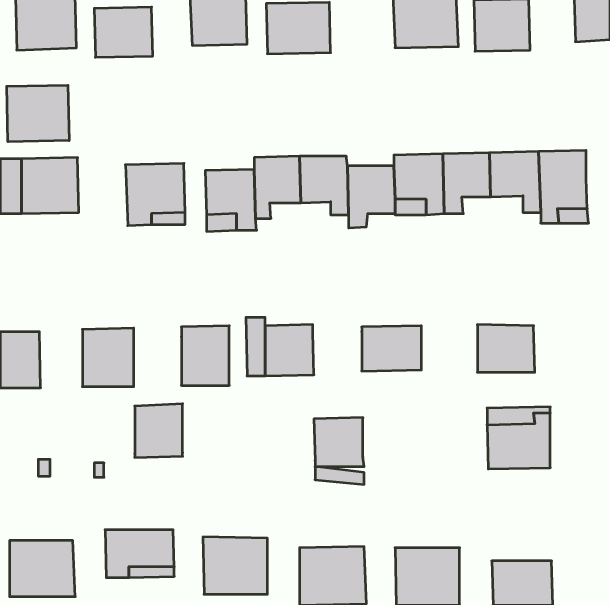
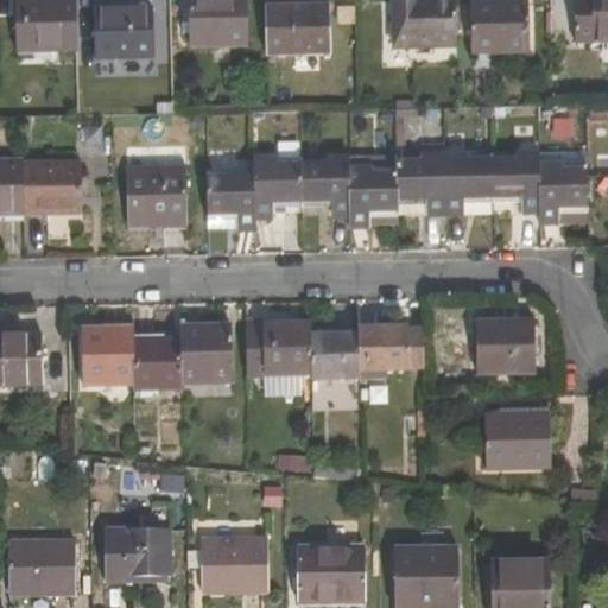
building: [7,85,69,142] -> none
building: [135,404,183,457] -> [133,335,180,388]
building: [314,418,364,467] -> [311,330,361,379]

